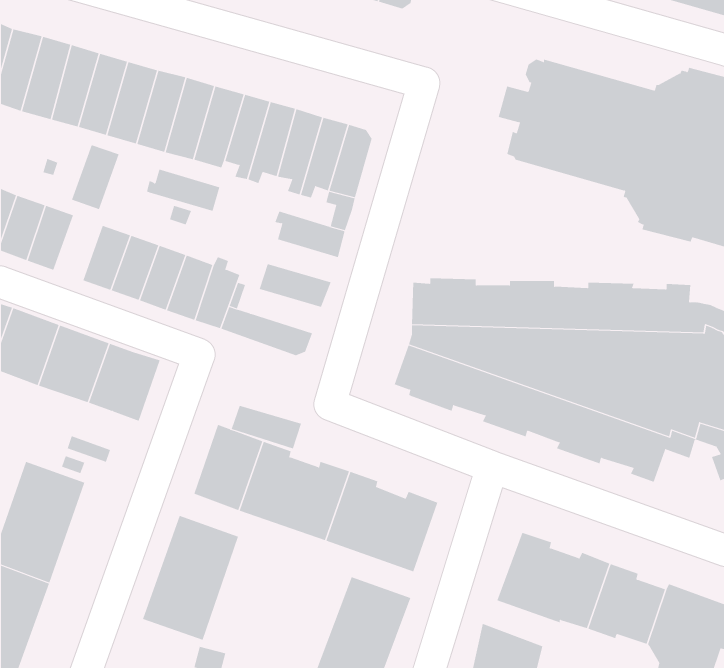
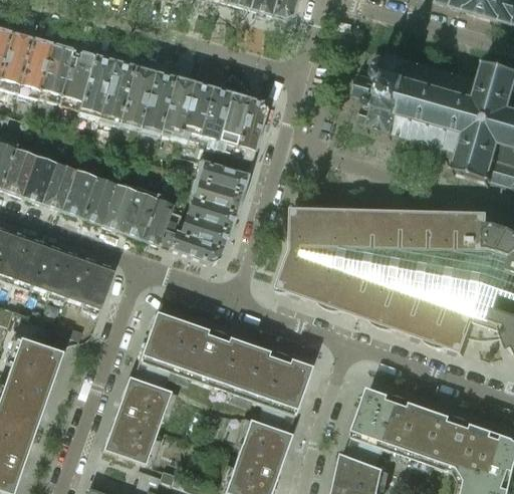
building: [71,144,120,210] -> [40,164,74,210]
building: [146,169,220,211] -> [189,181,241,211]
building: [231,405,302,449] -> [179,216,229,247]

